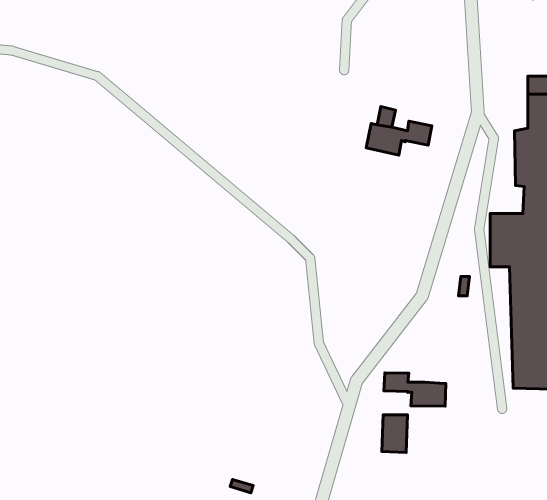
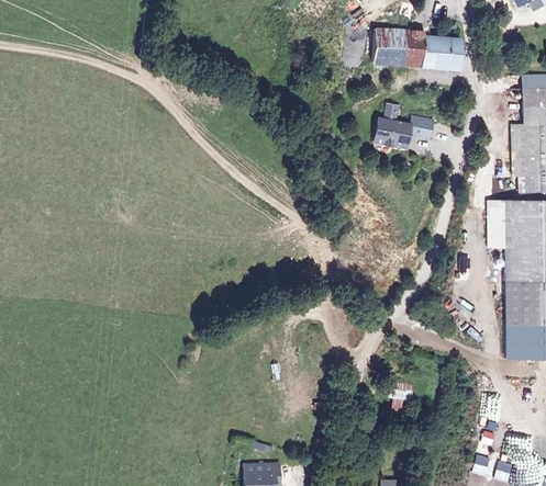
building: none -> [376,29,466,70]
building: [384,373,446,406] -> none

